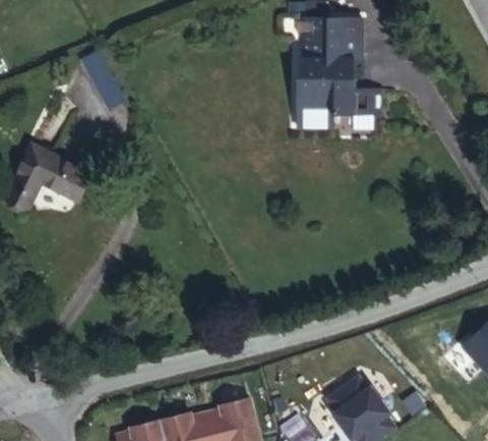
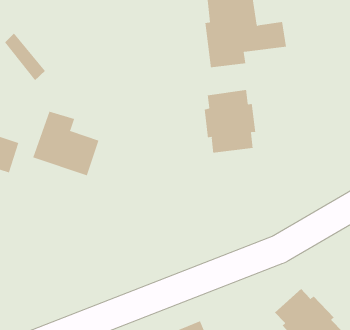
building: none -> [32,111,99,176]
building: none -> [204,89,256,153]

